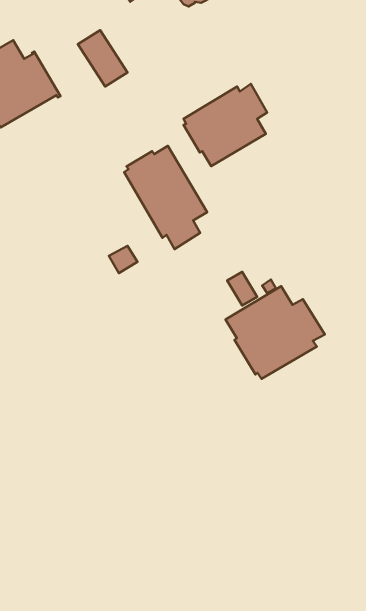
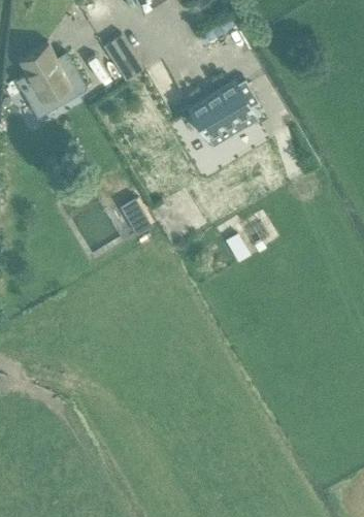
building: [124,146,207,249] -> none
building: [225,286,325,379] -> none

